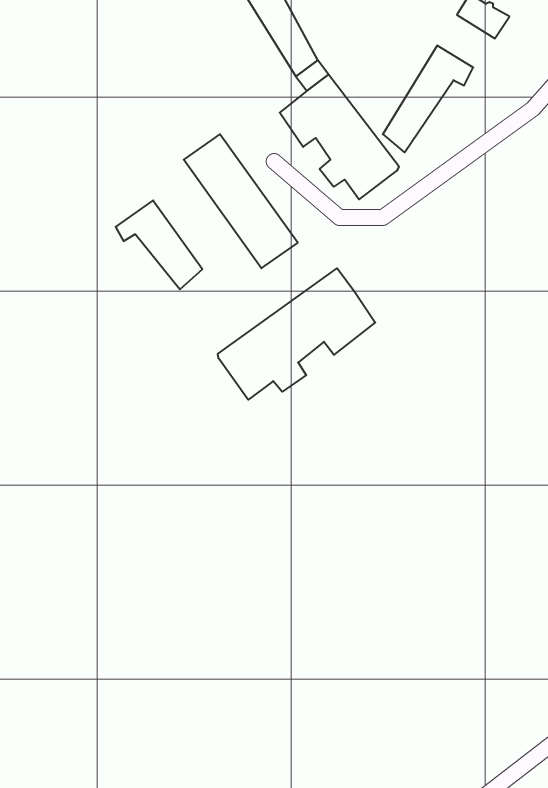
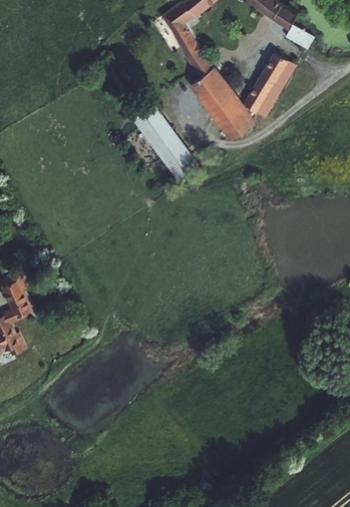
building: [116,200,202,289] -> none
building: [218,268,375,400] -> none

